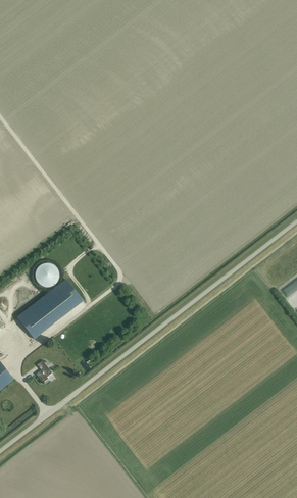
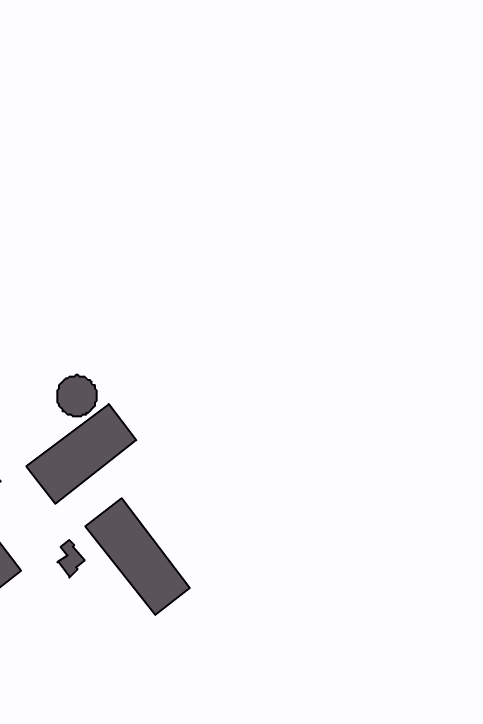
building: none -> [85,498,190,615]

